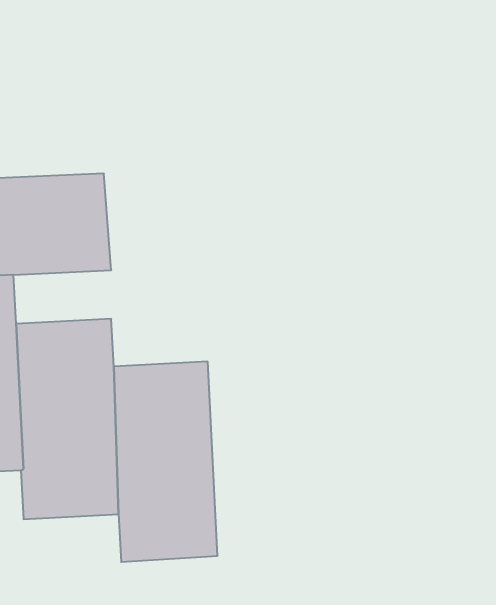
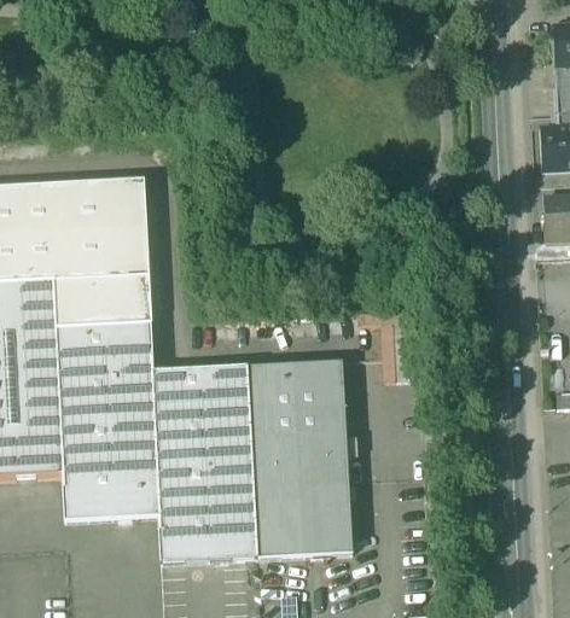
building: none -> [54,274,151,327]
building: none -> [246,360,353,556]

